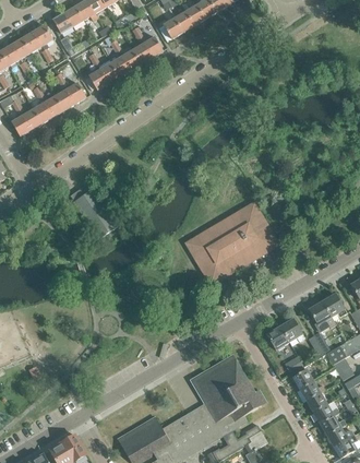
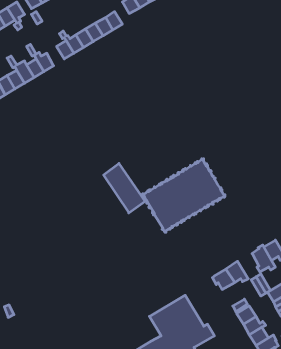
building: [70,182,117,238] -> [104,163,145,213]

